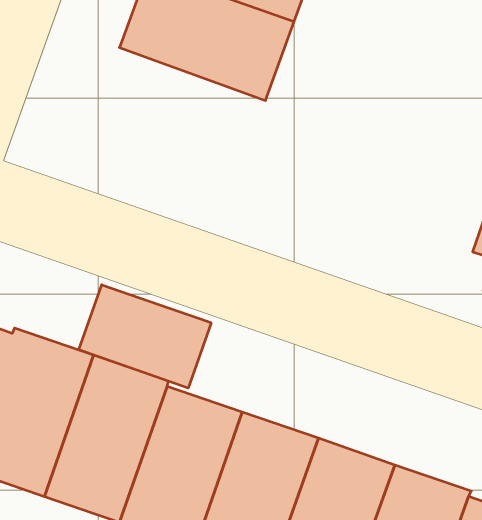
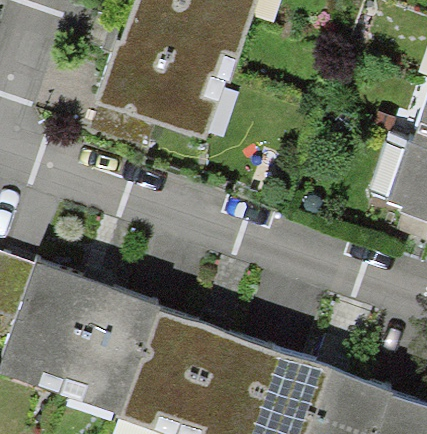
building: none -> [98,42,232,143]
building: [79,285,211,388] -> none

